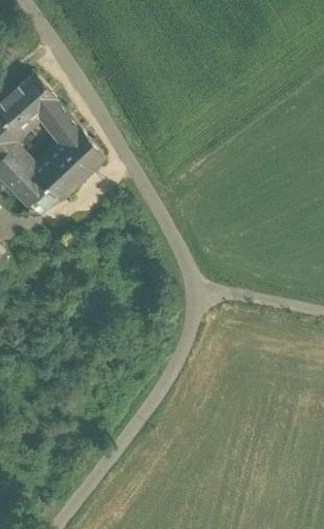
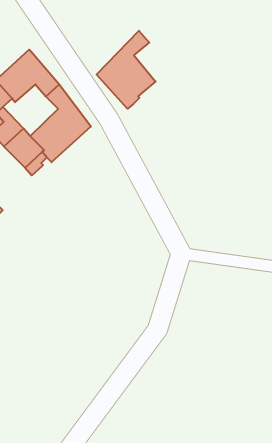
building: none -> [97,31,156,109]

